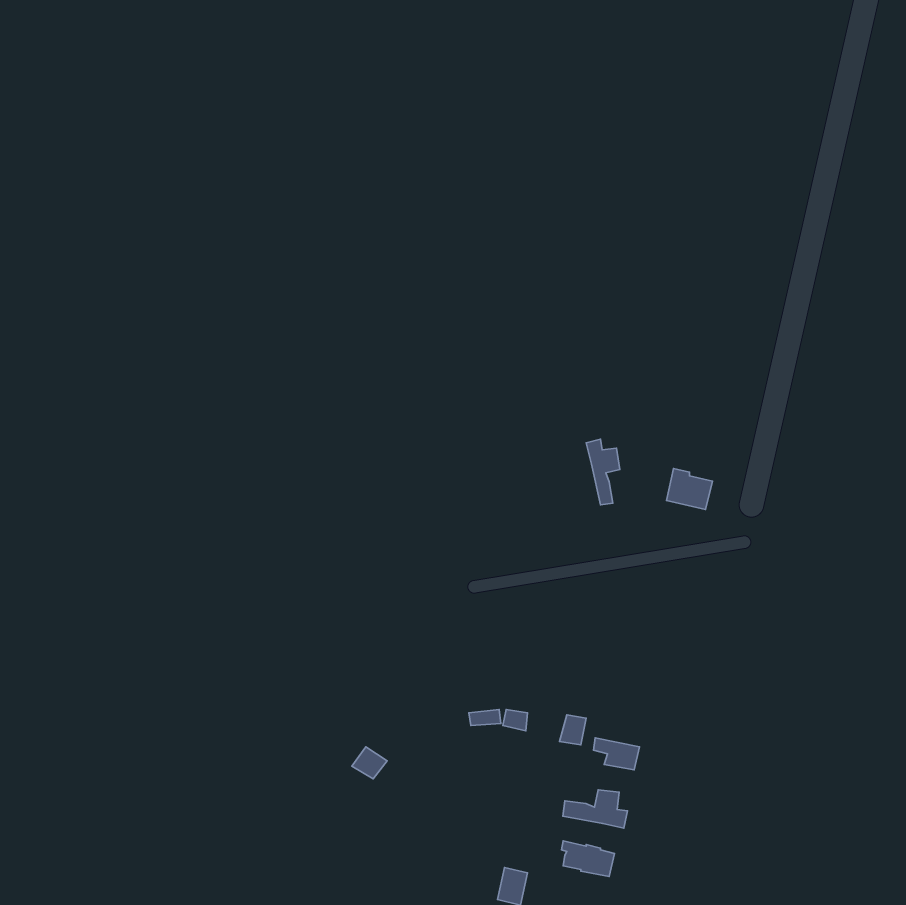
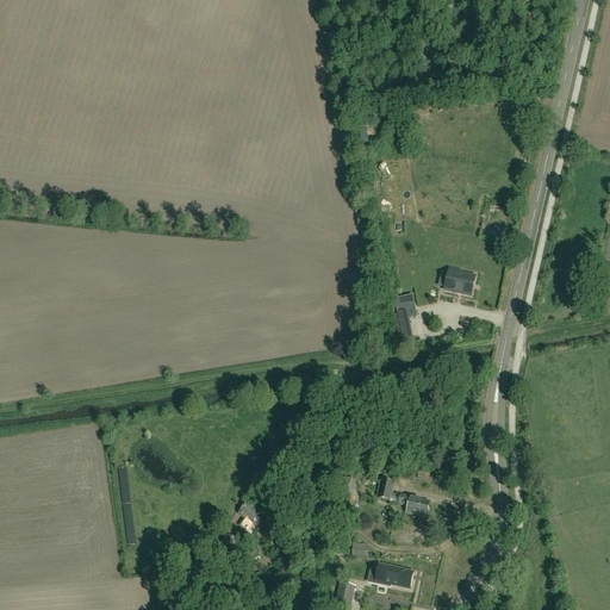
building: [666,469,713,510] -> [443,267,474,294]
building: [563,790,628,828] -> none

